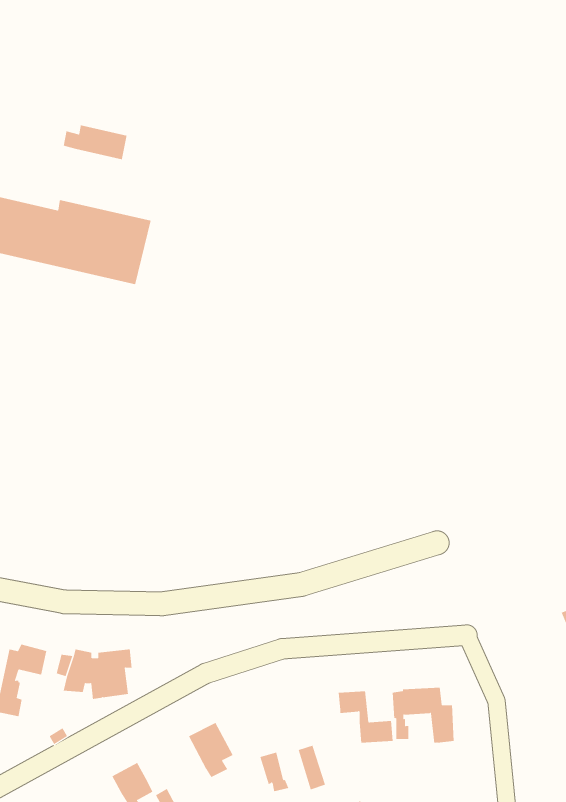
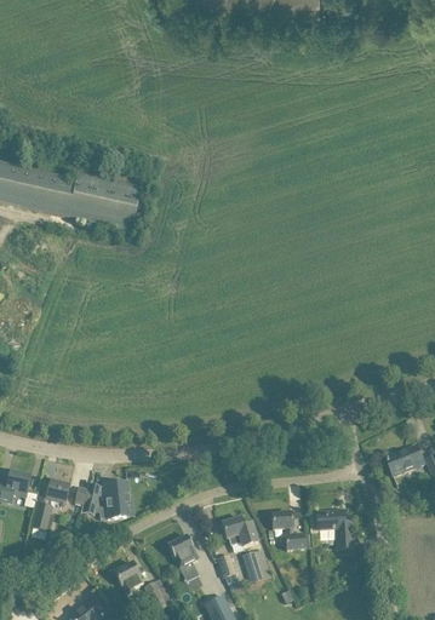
building: [63,125,127,160] -> none
building: none -> [385,444,424,475]
building: none -> [222,516,259,546]

